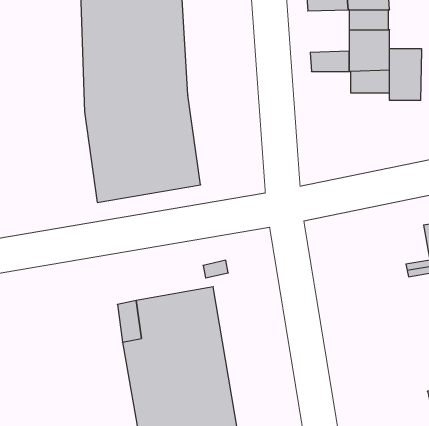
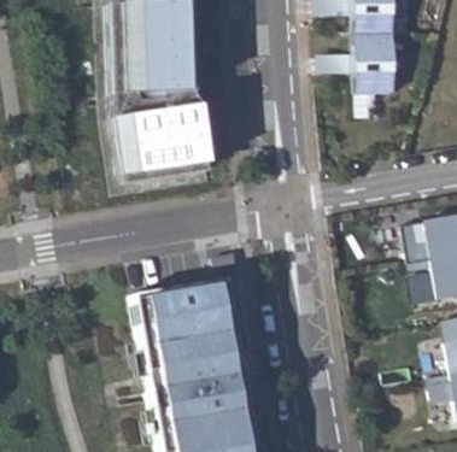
building: [390,49,421,100] -> none

